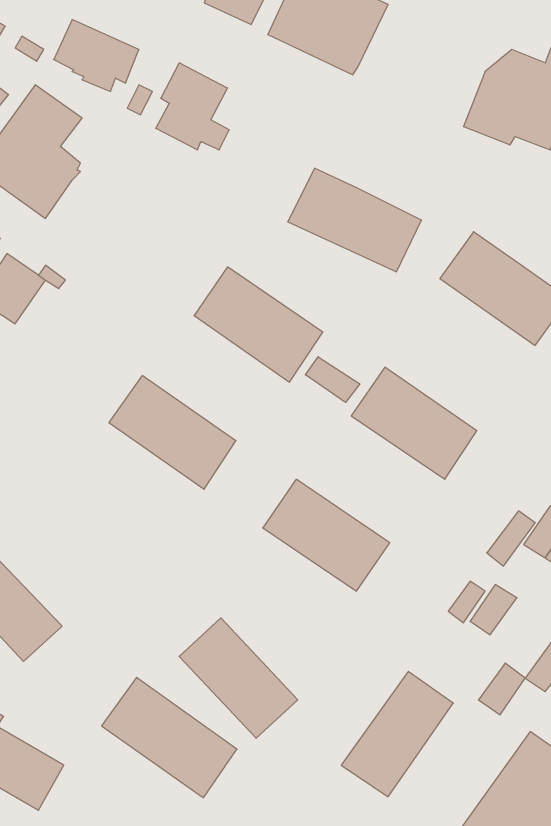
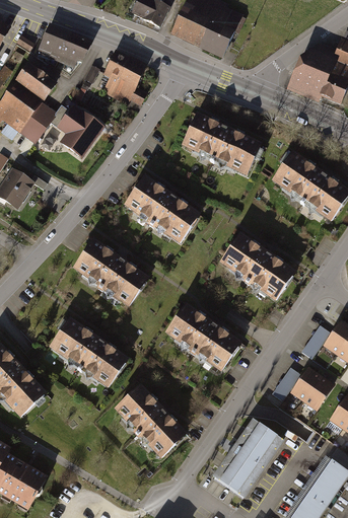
building: none -> [51,103,106,159]
building: [305,357,360,402] -> none
building: [478,663,525,715] -> [304,375,333,406]
building: [102,677,237,798] -> [49,316,131,389]

